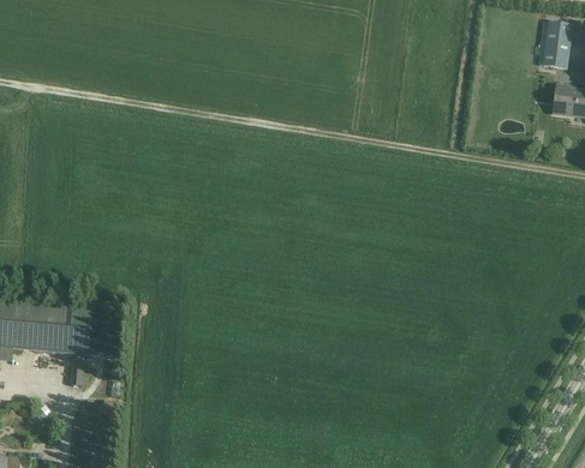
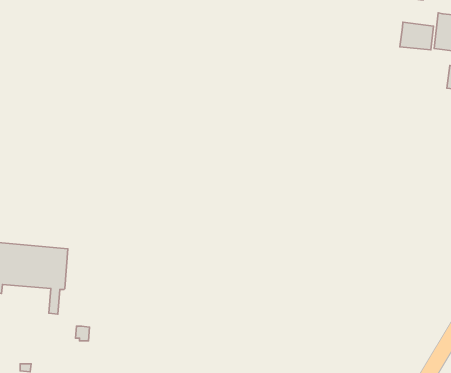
building: none -> [400,22,433,50]

